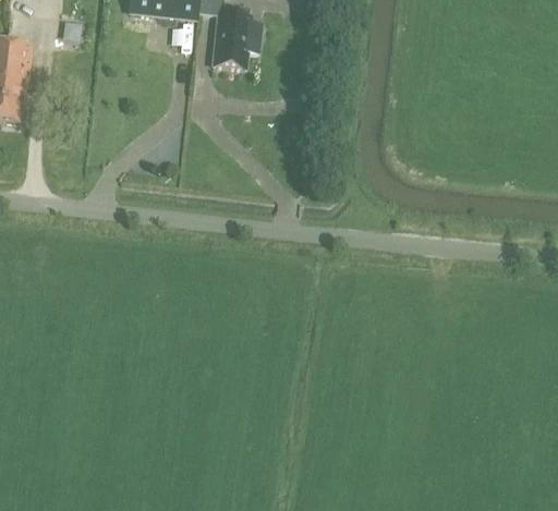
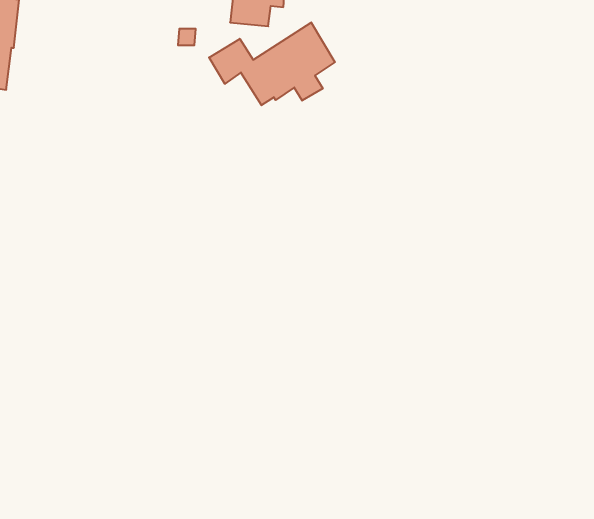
building: none -> [209,22,335,105]

